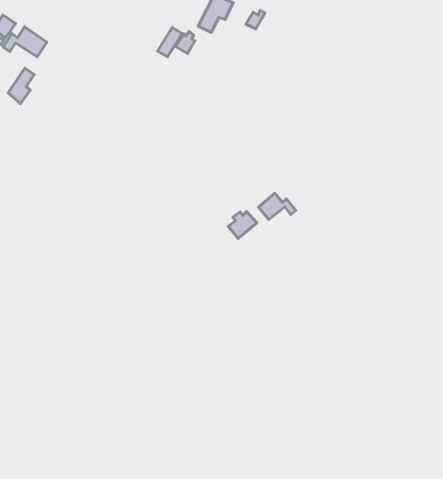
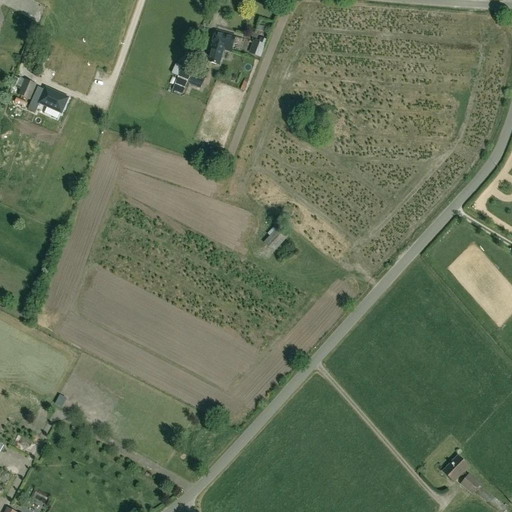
building: [8,68,34,103] -> none
building: [259,193,296,220] -> none

